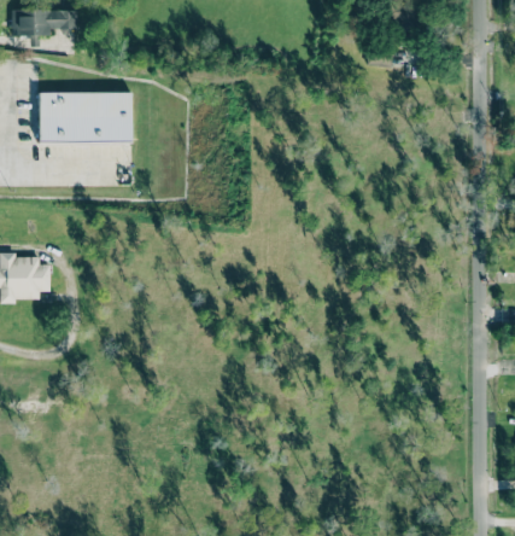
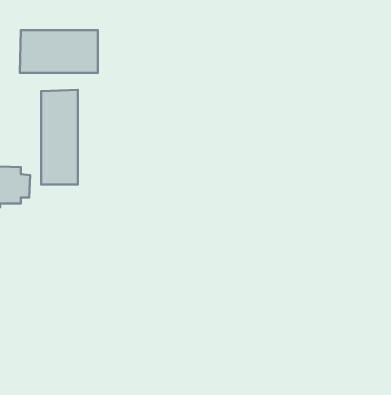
building: none -> [41,90,78,184]

